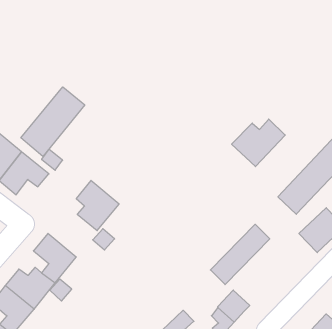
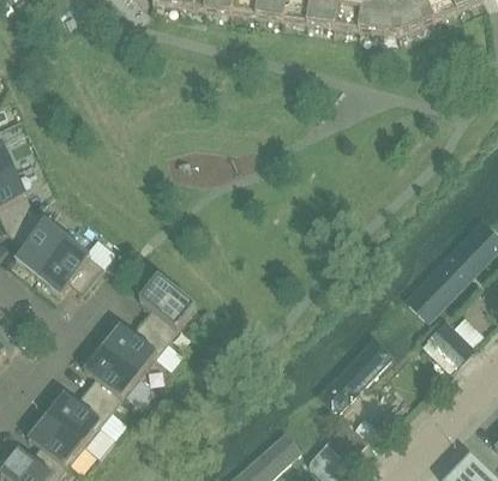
building: [21,87,85,157] -> none
building: [232,119,285,167] -> none
building: none -> [102,319,167,375]

